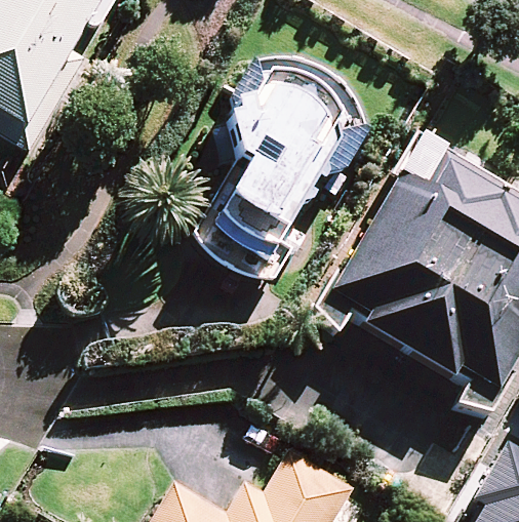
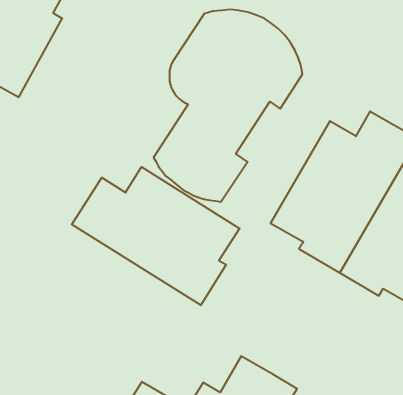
building: none -> [72,167,240,305]

